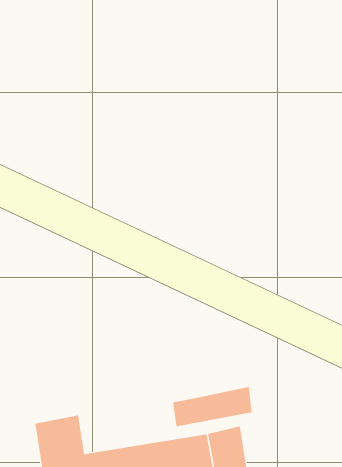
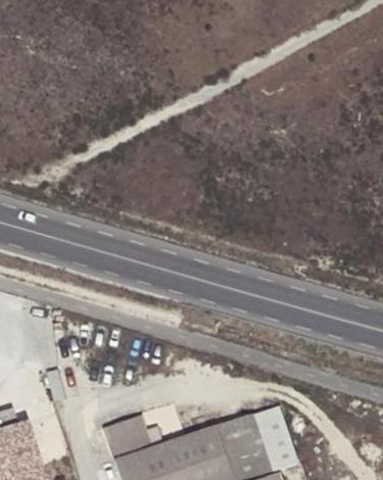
building: [172,386,252,427] -> none

